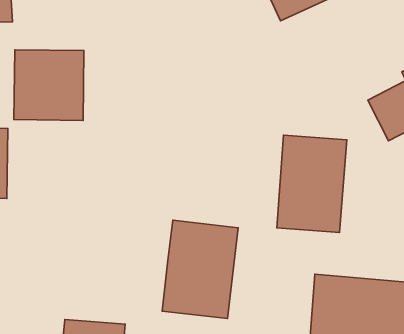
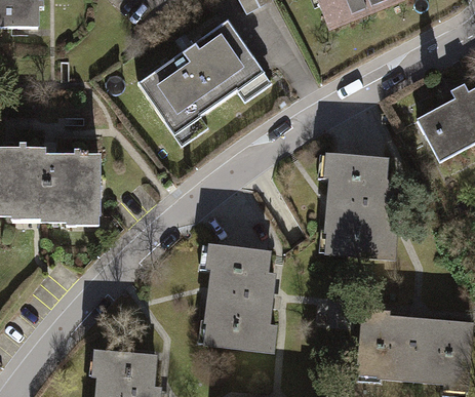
building: none -> [143,17,269,132]
building: [14,50,84,121] -> [30,149,106,226]

